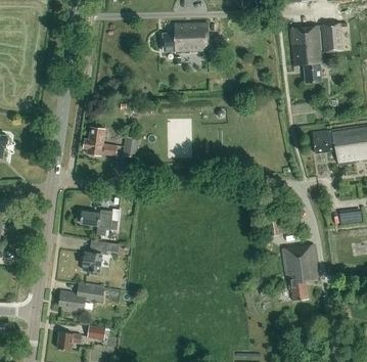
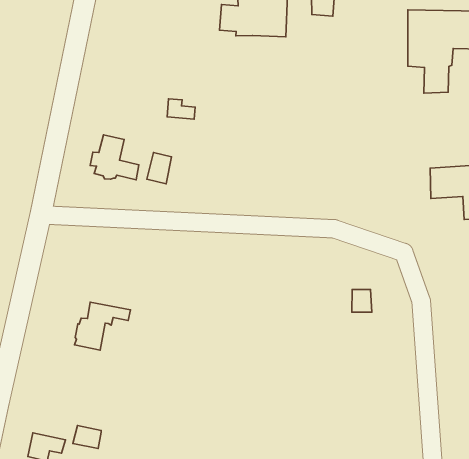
building: [81,209,118,235] -> none
building: [282,243,318,300] -> none
building: [59,281,104,314] -> none

